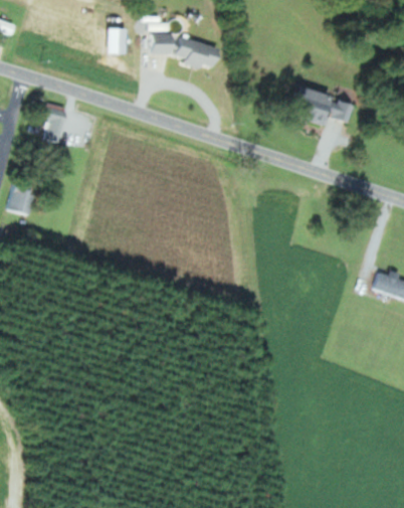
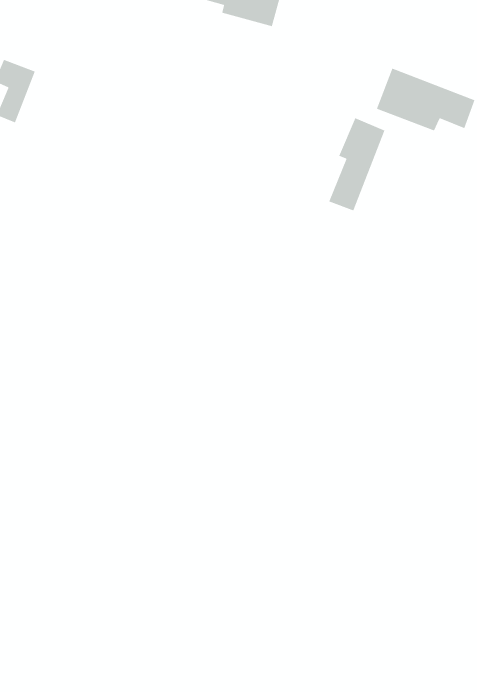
building: none -> [328,117,386,212]

